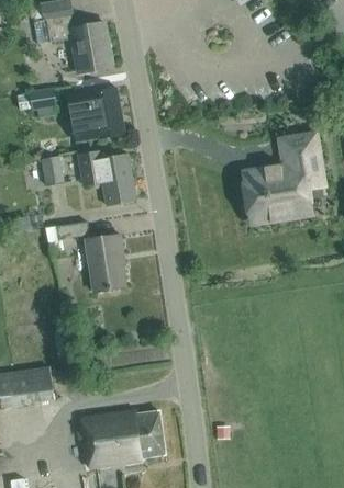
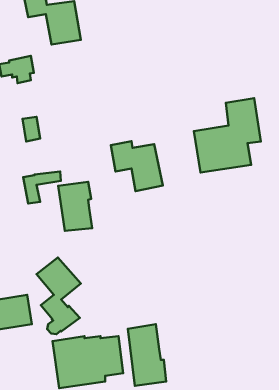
building: [69,88,123,140] -> none
building: [76,149,136,207] -> [111,141,163,191]
building: none -> [36,257,81,334]
building: none -> [128,324,166,386]

